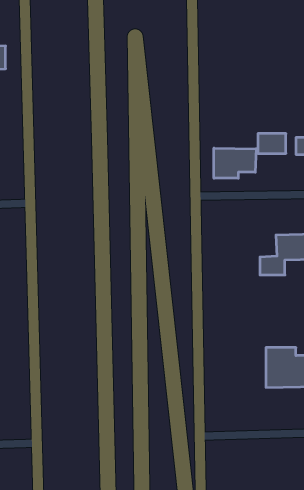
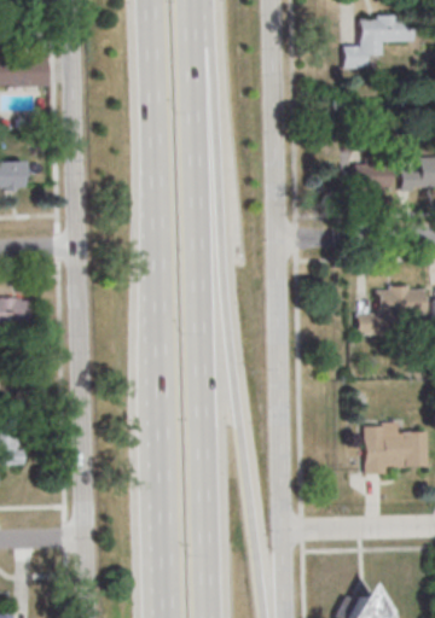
building: none -> [343,17,404,69]
building: [214,148,256,178] -> none

